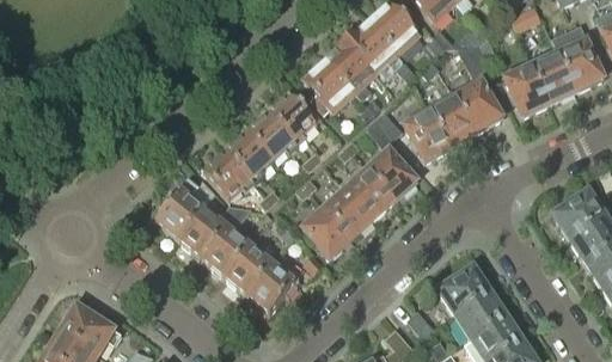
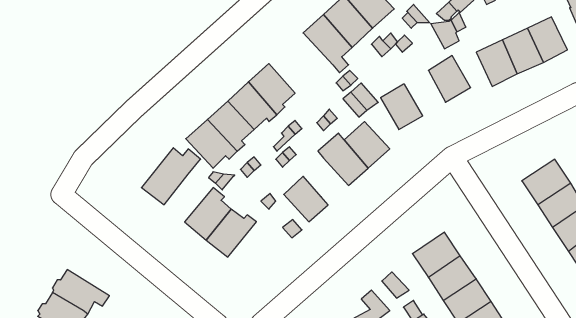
building: [302,59,355,112] -> none
building: [427,97,473,146] -> none
building: [324,190,372,239] -> none
building: [178,207,230,257] -> none
building: [245,252,299,313] -> none

